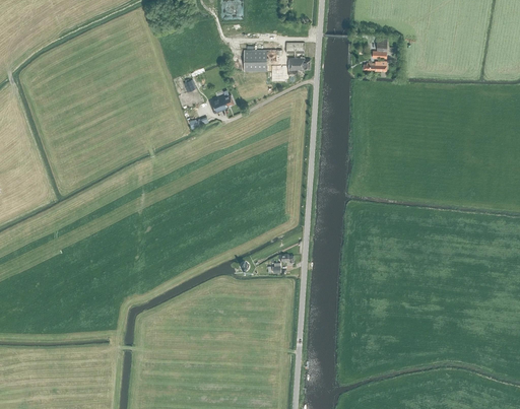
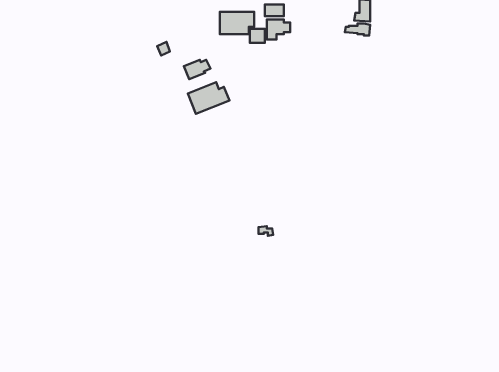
building: none -> [188,82,229,114]

